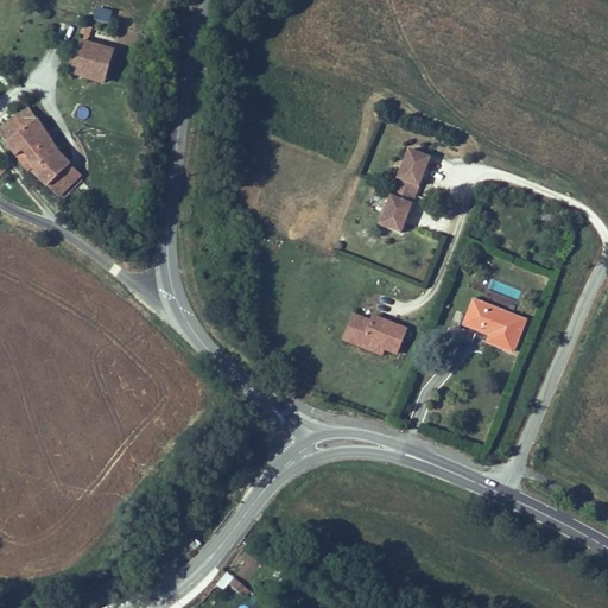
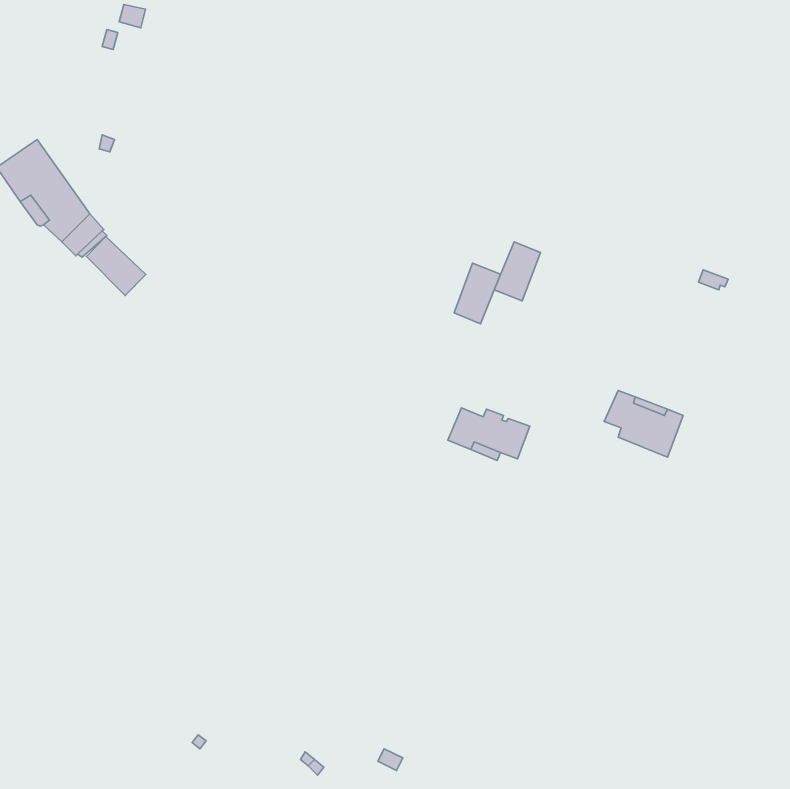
building: [70,39,112,81] -> none
building: [394,147,430,194] -> [454,263,501,324]
building: none -> [87,236,146,295]

